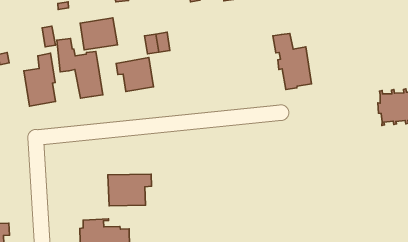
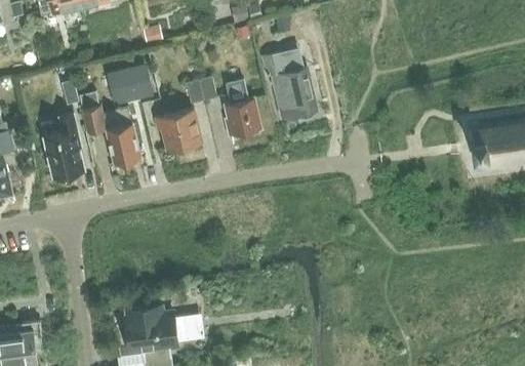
building: [273,34,312,89] -> [261,51,313,119]
building: none -> [224,78,259,135]
building: [108,174,152,206] -> none

